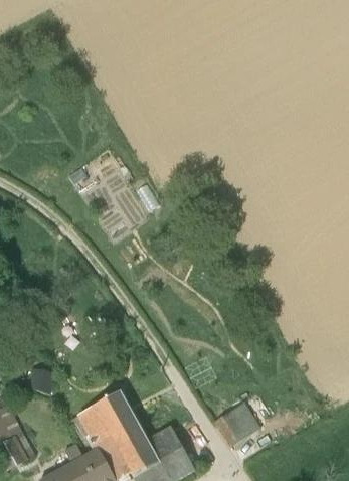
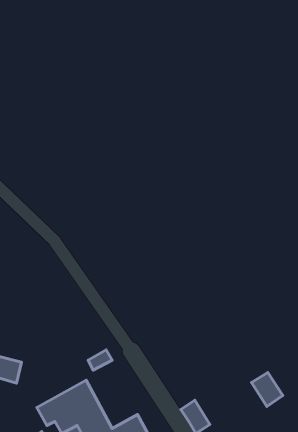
building: [229,403,260,437] -> [252,372,283,407]

